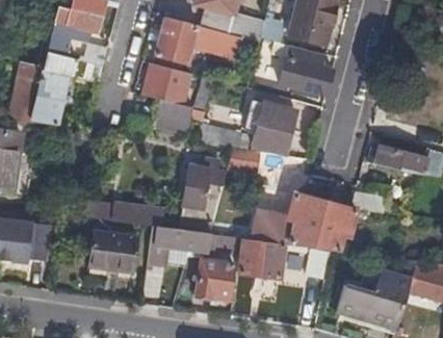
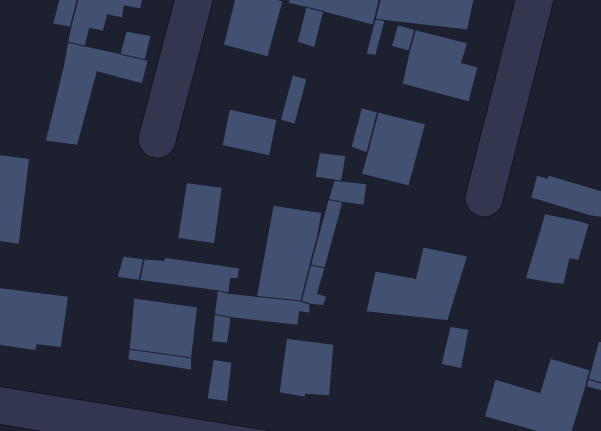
building: [146,62,190,101] -> none
building: [14,64,45,108] -> none
building: none -> [178,182,222,244]
building: [312,201,357,250] -> [525,214,590,284]
building: [240,237,284,277] -> none

